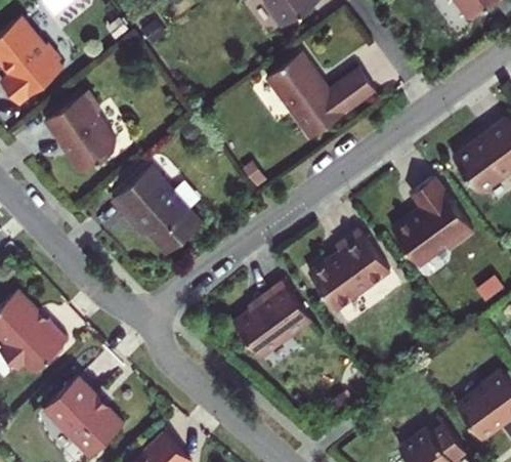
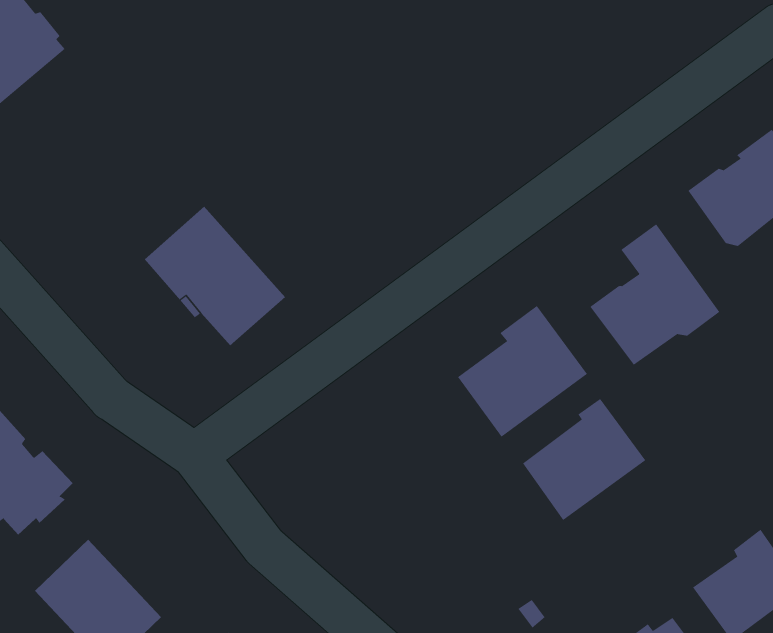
building: [265,52,375,138] -> none
building: [44,90,116,173] -> none
building: [233,282,311,359] -> [522,398,646,521]

